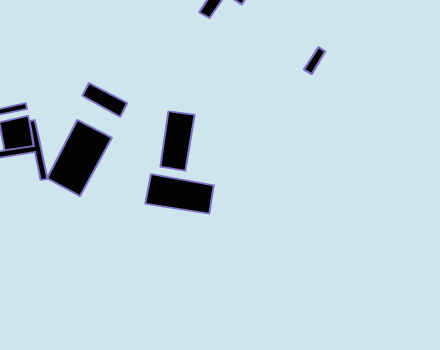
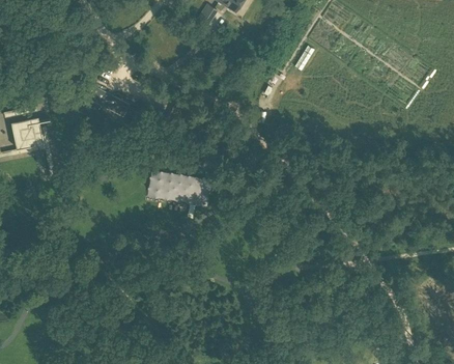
building: [161,111,194,171] -> none
building: [47,120,112,196] -> none

